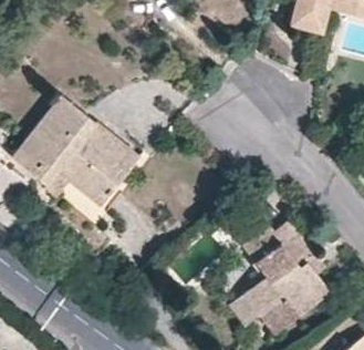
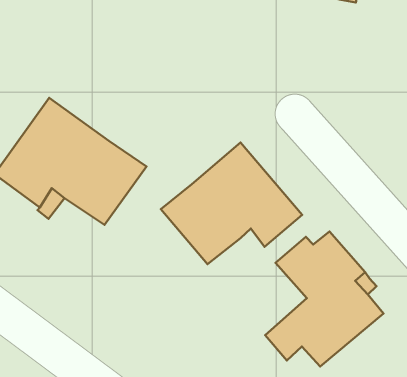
building: none -> [161,143,302,264]

